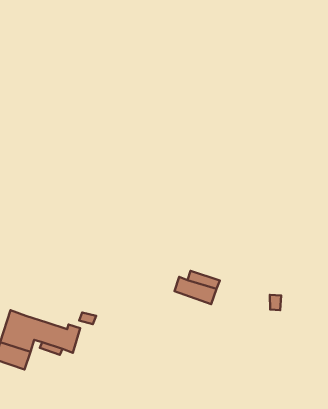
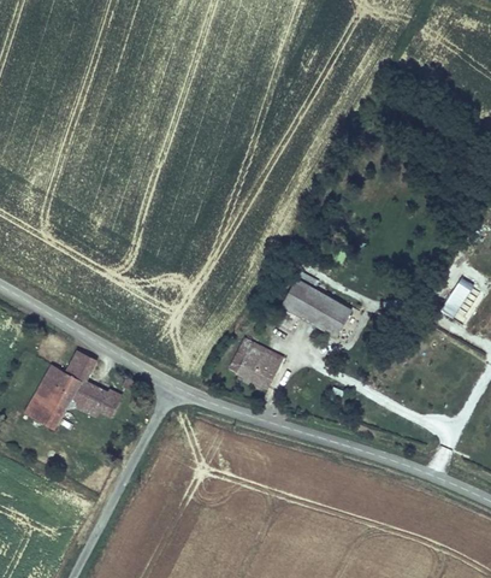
building: none -> [283,281,351,337]
building: none -> [65,347,97,379]

